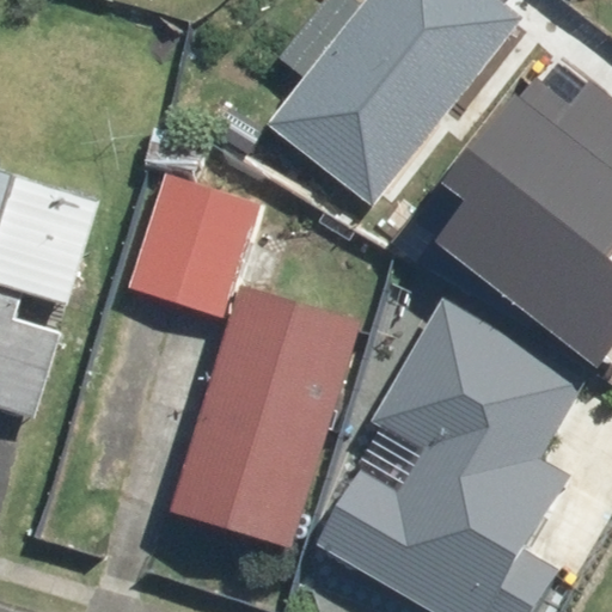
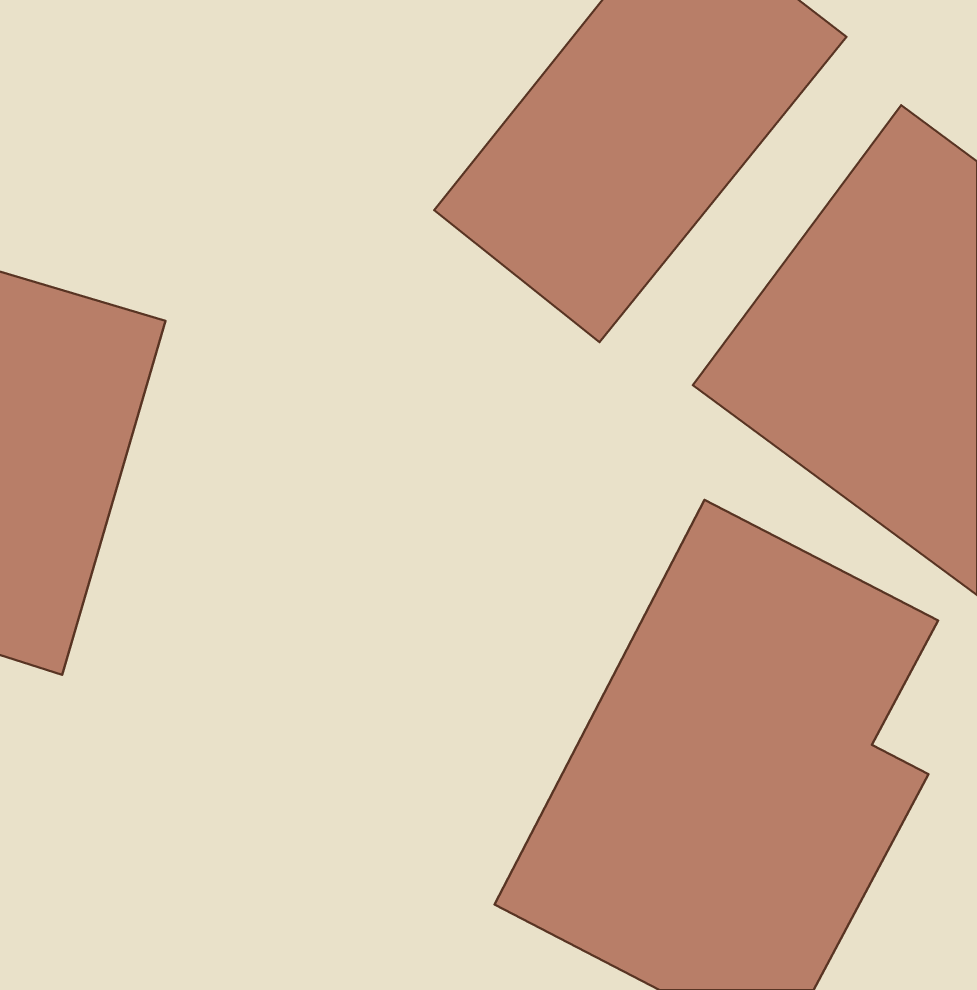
building: [130,173,261,314] -> none
building: [180,281,354,536] -> none

